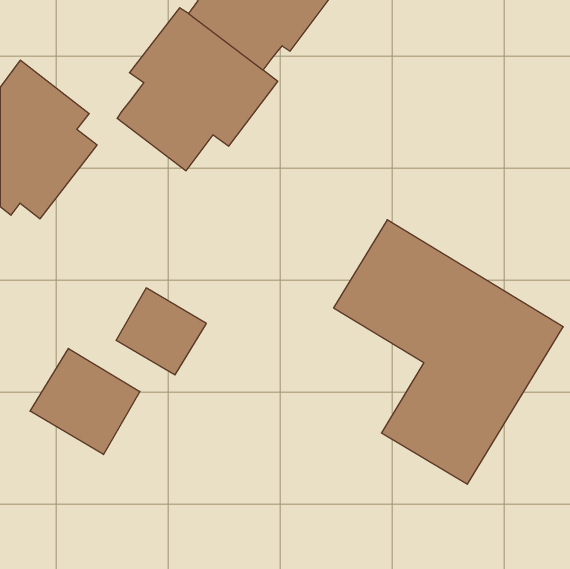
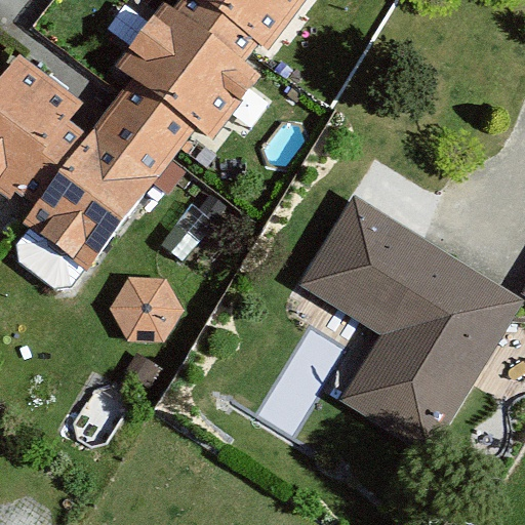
building: none -> [23,109,171,269]
building: [30,348,140,455] -> none

